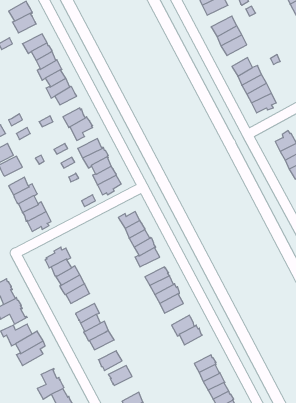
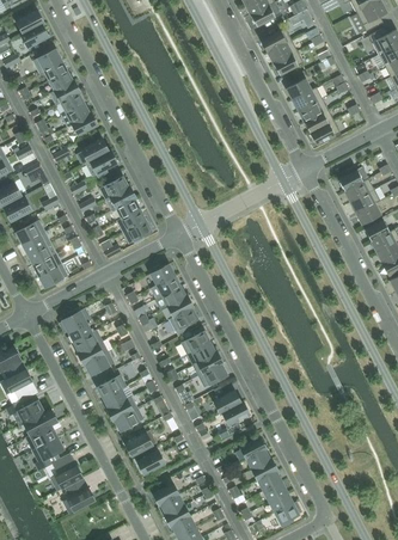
building: none -> [32,436,63,471]

